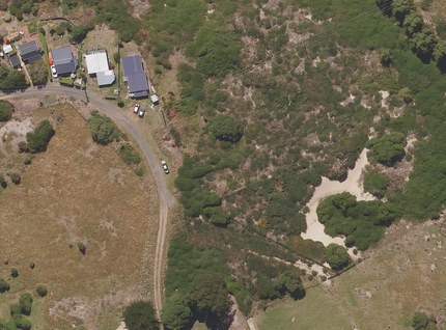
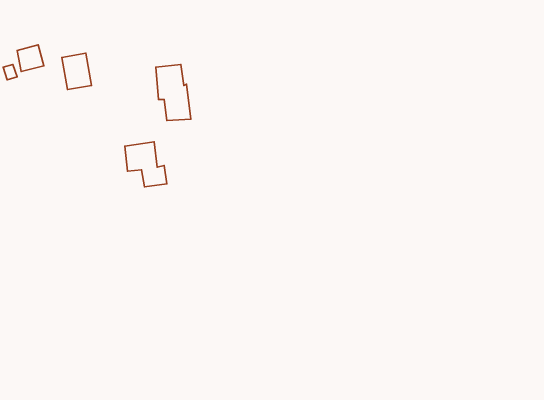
building: [83,51,114,84] -> [125,142,167,187]

